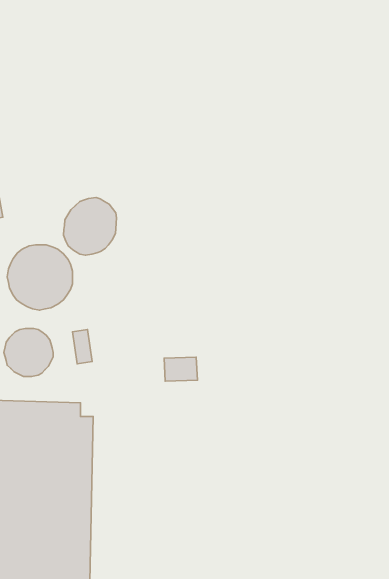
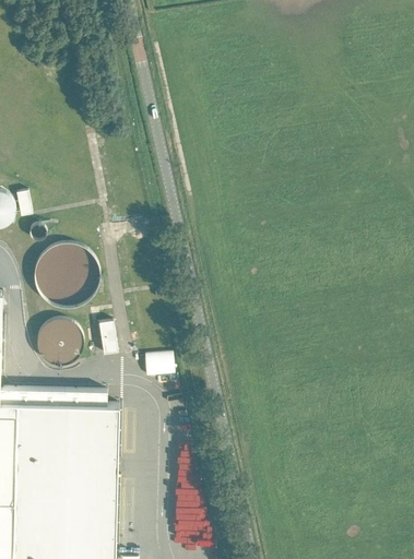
building: [64,197,117,255] -> none
building: [164,357,197,381] -> [145,350,177,373]

